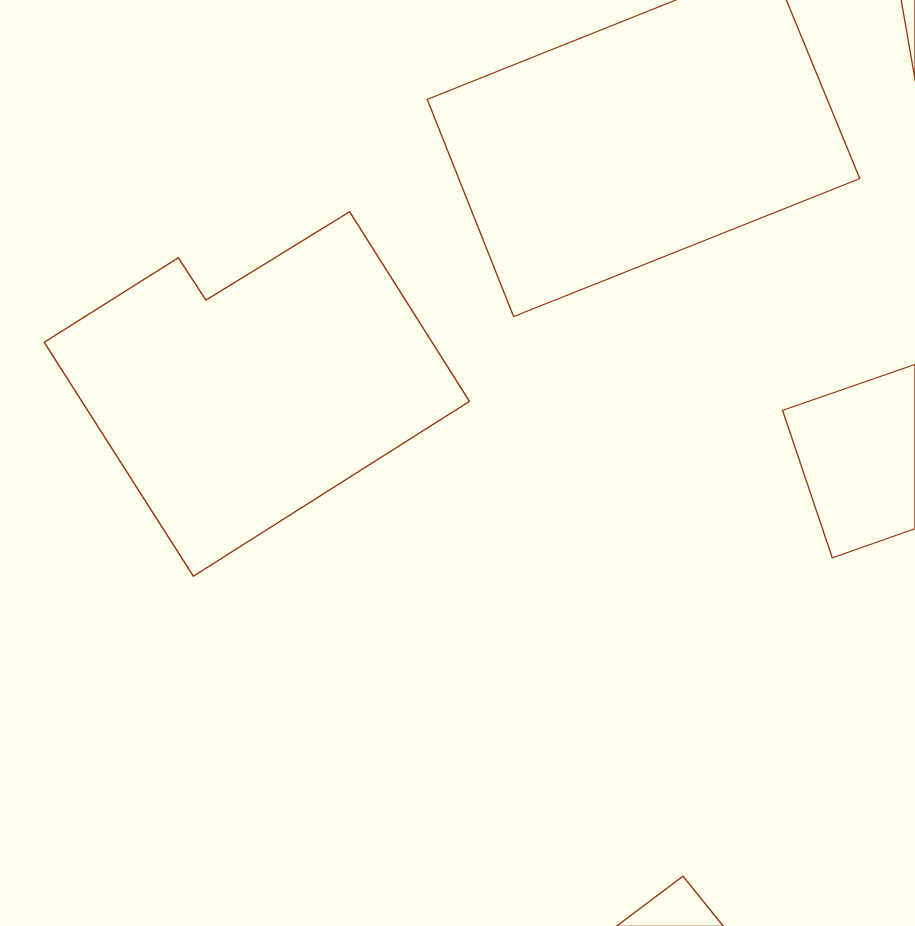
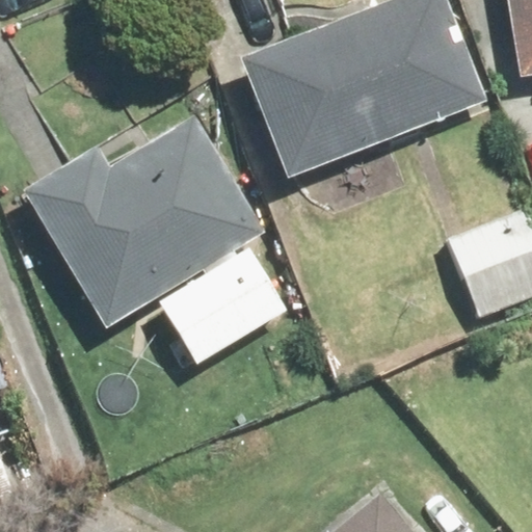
building: none -> [161,250,286,363]

